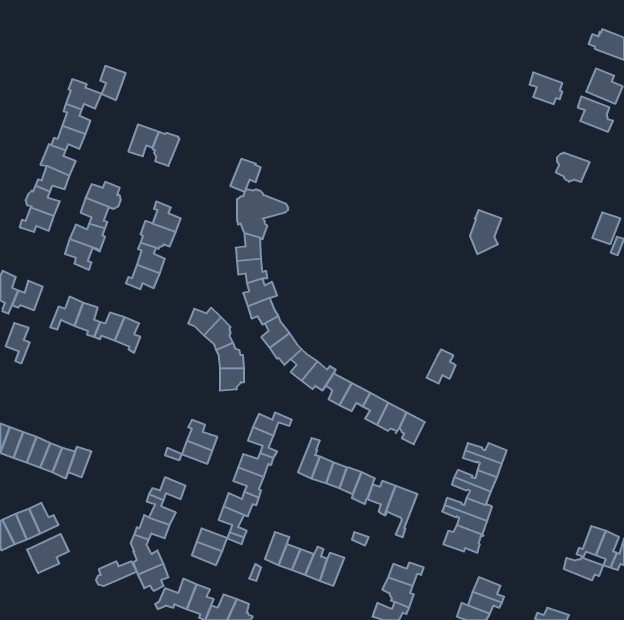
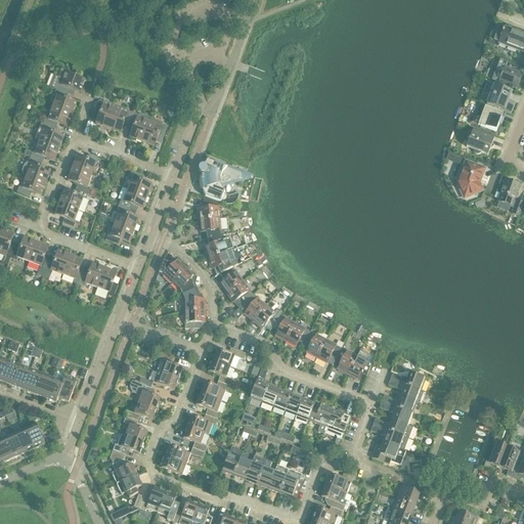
building: [100,66,126,100] -> [94,98,116,127]
building: [529,72,562,104] -> [475,102,503,129]
building: [230,159,261,192] -> [141,117,167,144]
building: [470,210,502,254] -> [457,160,484,196]
building: [6,323,30,363] -> [29,241,49,274]
building: [426,349,456,384] -> [347,349,372,378]
building: none -> [129,379,160,407]
building: [27,534,69,573] -> none
building: [564,557,603,580] -> none
building: none -> [279,468,304,497]
building: [96,561,137,586] -> none

